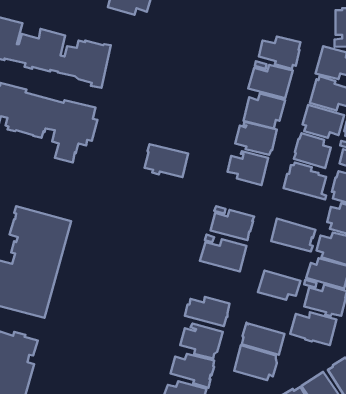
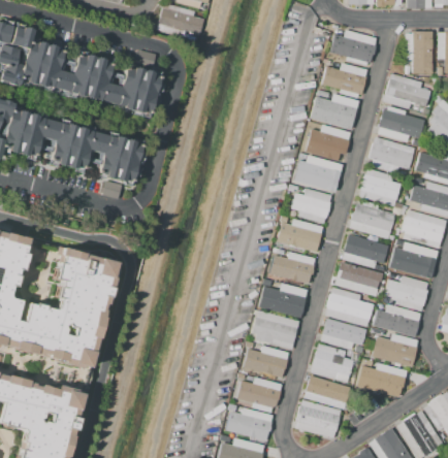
building: none -> [331,31,377,67]
building: [145,144,188,177] -> [277,217,324,253]
building: none -> [343,234,388,268]
building: none -> [326,288,374,326]
building: none -> [252,310,300,350]
building: none -> [312,343,354,383]

